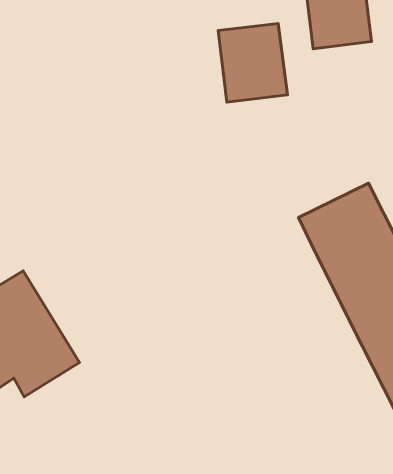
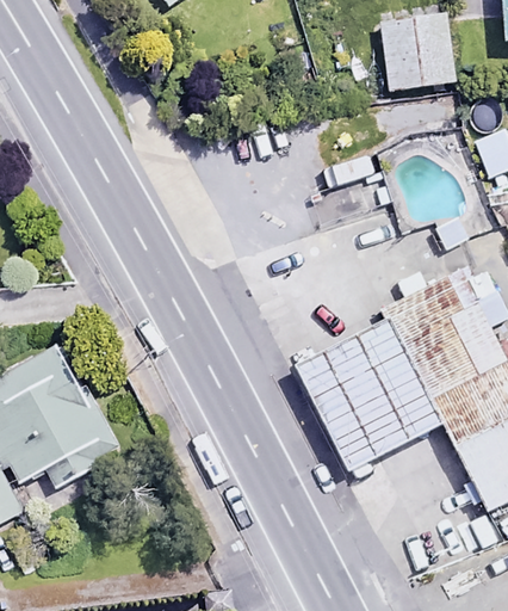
building: [218,24,288,102] -> none
building: none -> [293,321,445,476]

